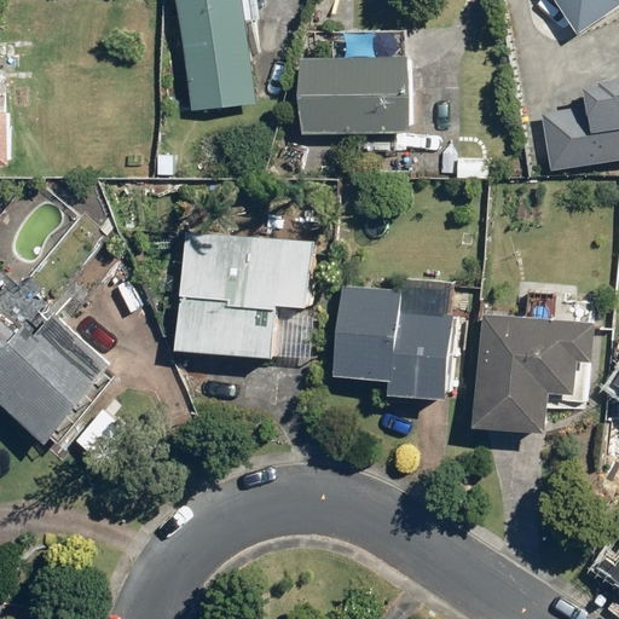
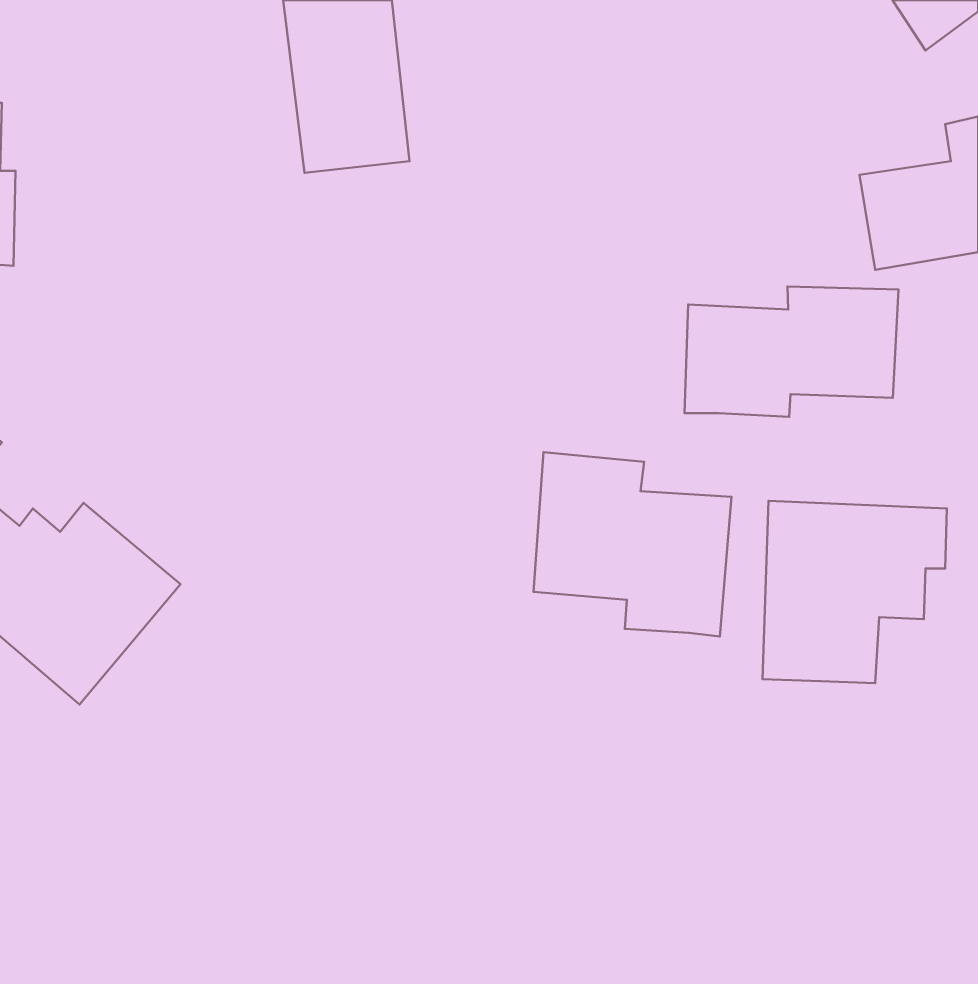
building: [297,51,407,132] -> none
building: none -> [684,287,899,417]
building: [175,233,316,357] -> none

